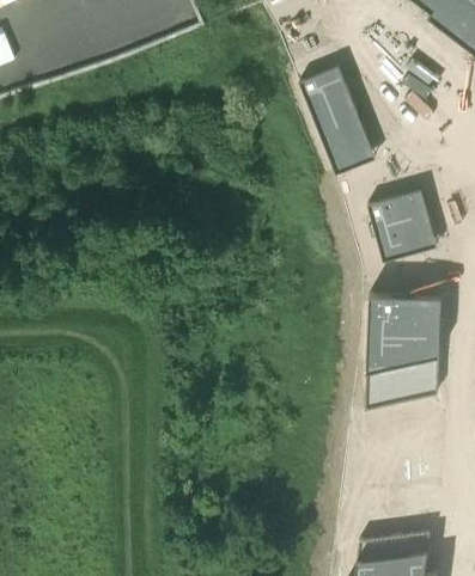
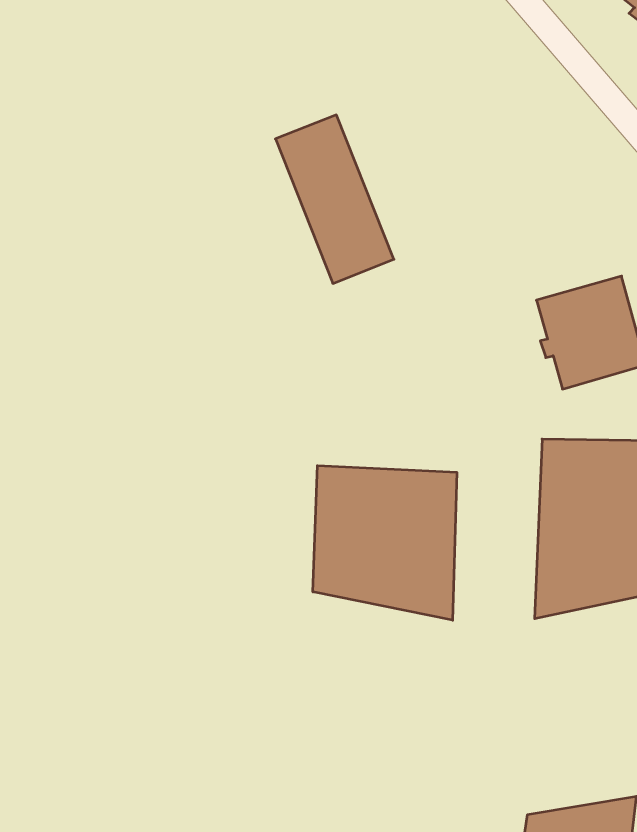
building: [302,63,378,172] -> [275,115,394,283]
building: none -> [313,466,457,620]

